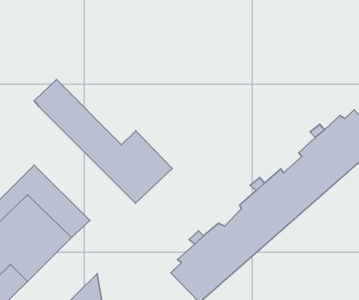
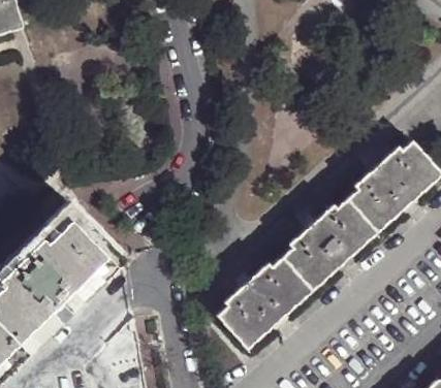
building: [34,79,172,203] -> none

